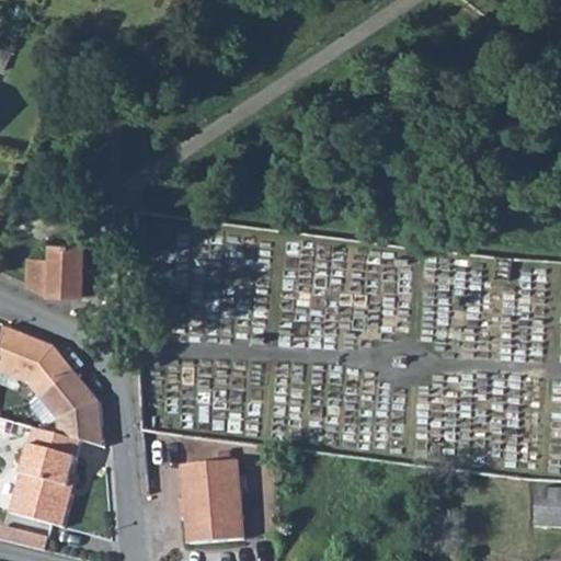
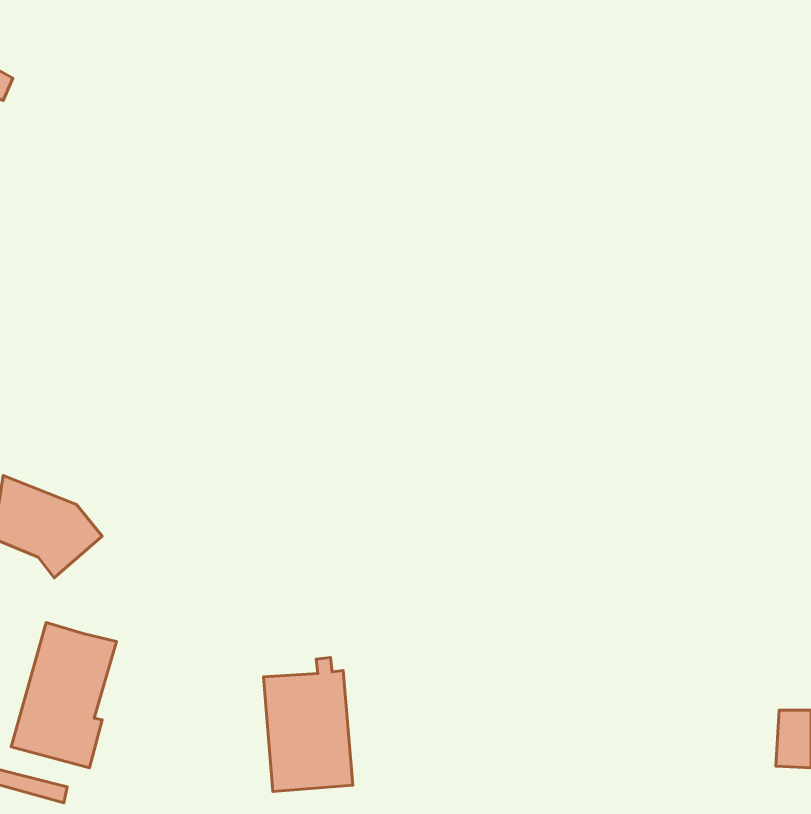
building: [24,242,82,295] -> none
building: [37,368,102,447] -> none

